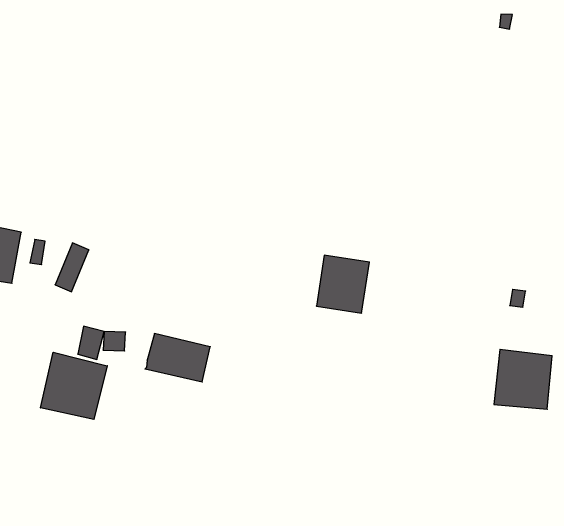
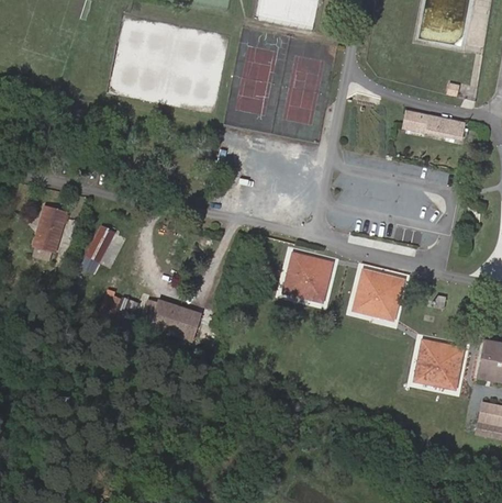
building: none -> [404,111,466,141]
building: none -> [356,270,402,320]
building: [41,352,107,419] -> none

